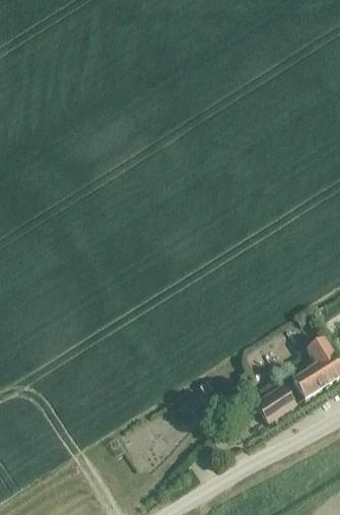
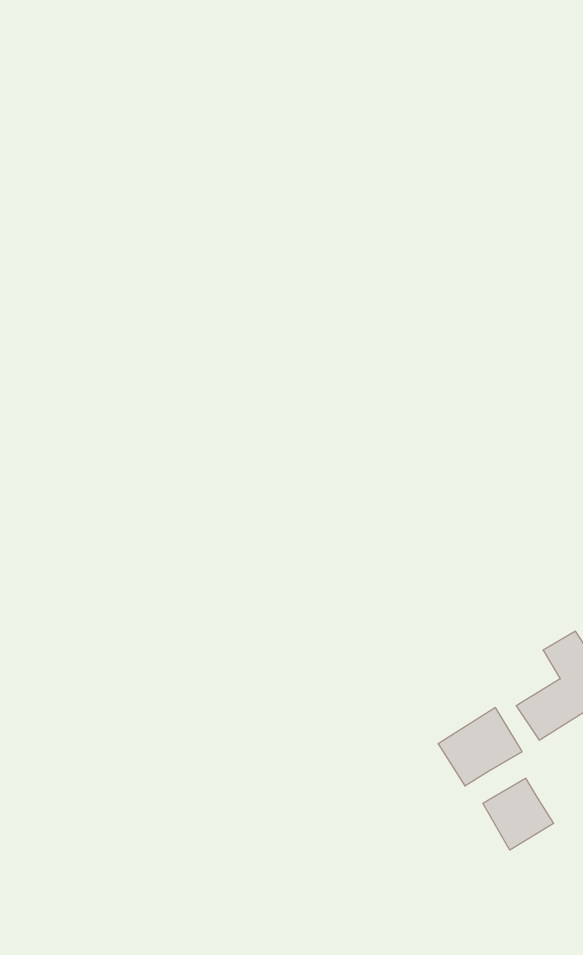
building: none -> [483,778,554,850]

